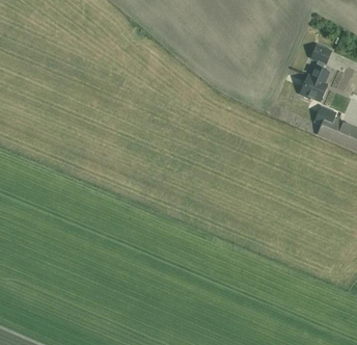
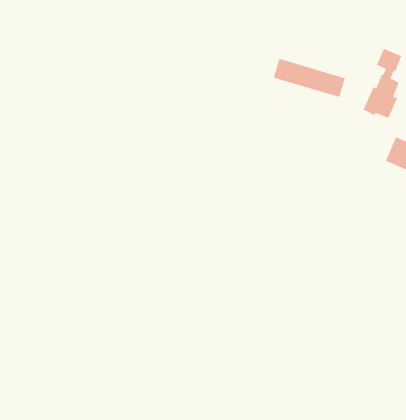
building: none -> [273,58,346,98]

